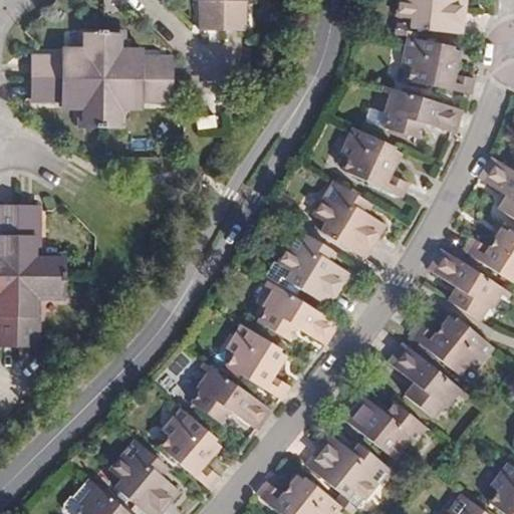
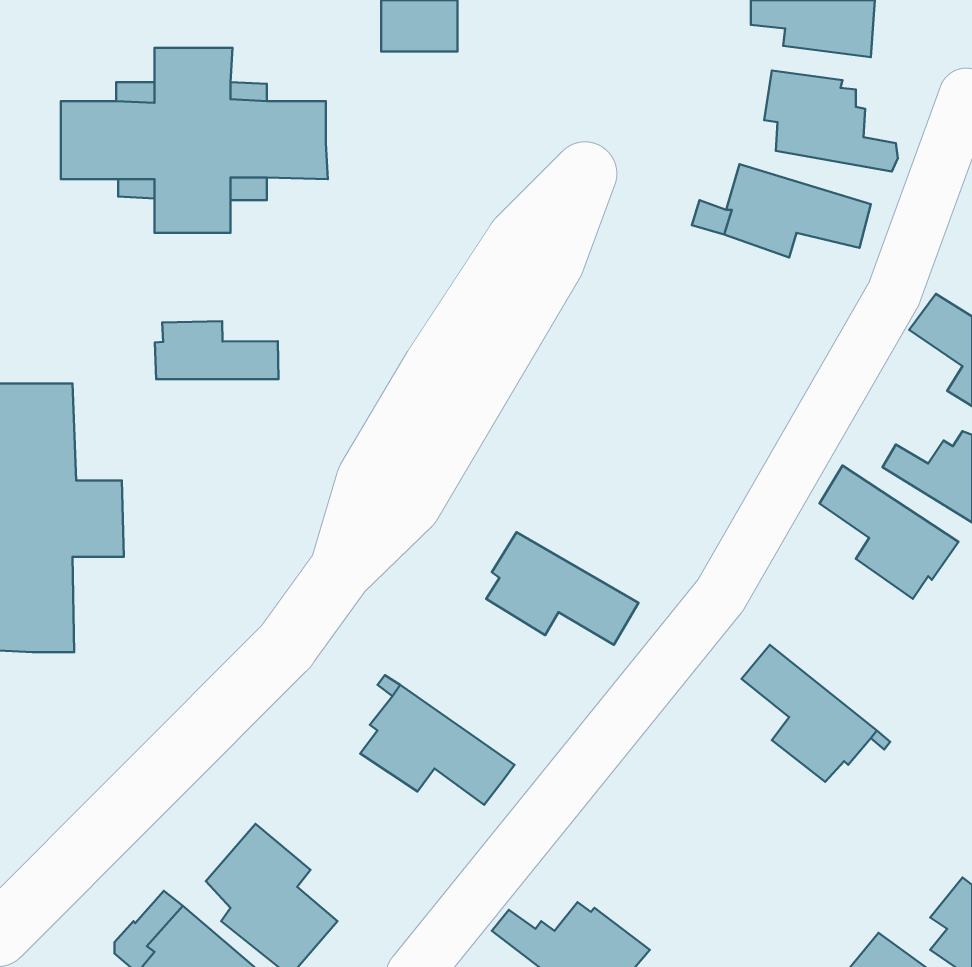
building: [337,132,403,200] -> none
building: none -> [155,321,278,379]
building: [311,181,382,256] -> none
building: [273,231,346,306] -> none
building: [409,320,492,374] -> none
building: [225,322,287,397] -> none
building: [344,395,428,458] -> none
building: [158,405,216,486] -> none
building: [307,435,391,498] -> none

